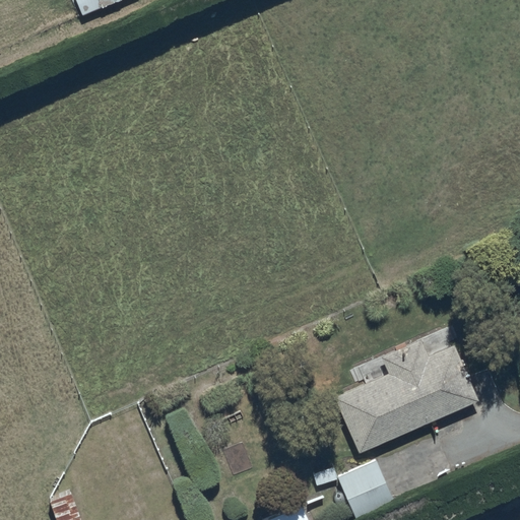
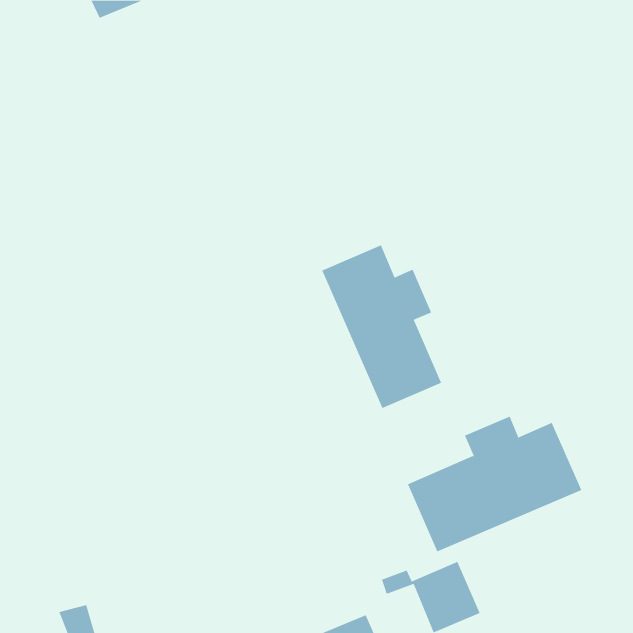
building: none -> [322,245,442,409]

